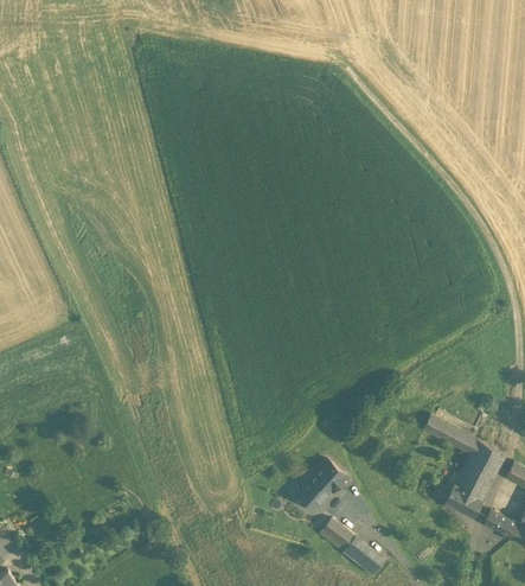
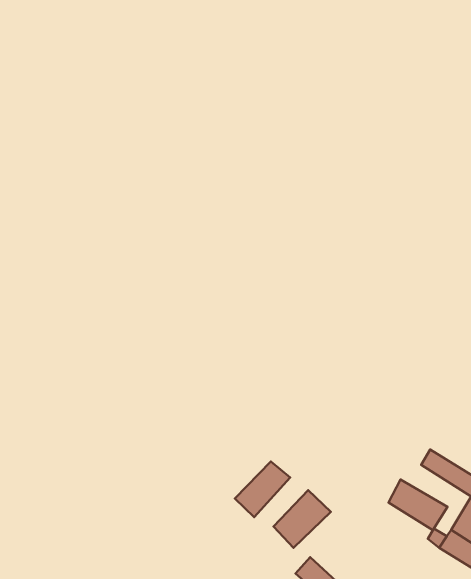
building: none -> [235,461,290,517]
building: none -> [388,480,448,530]

